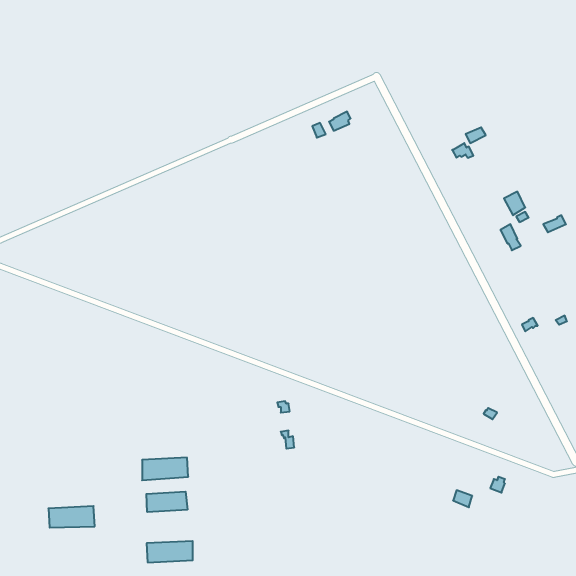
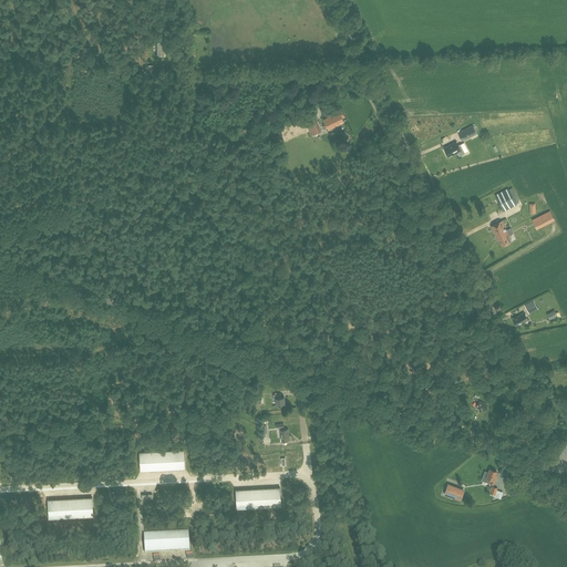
building: [146,492,187,512] -> none
building: none -> [236,487,281,509]

